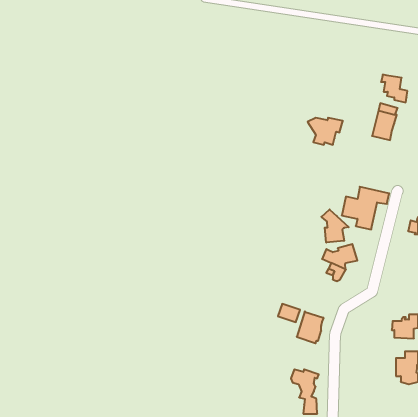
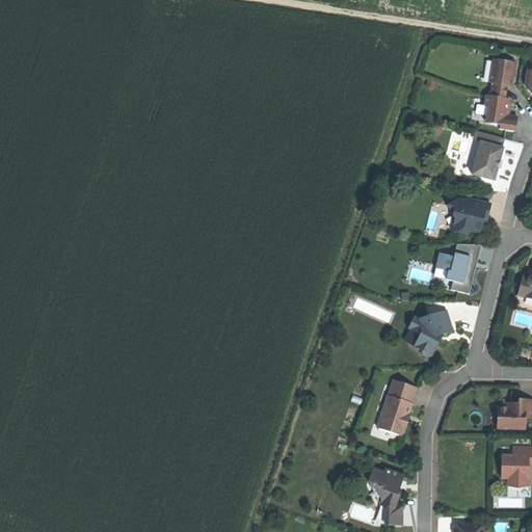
building: none -> [490,58,516,98]
building: [308,118,343,145] -> [447,198,491,233]
building: [321,209,349,243] -> none
building: [278,304,300,322] -> [387,380,415,403]

